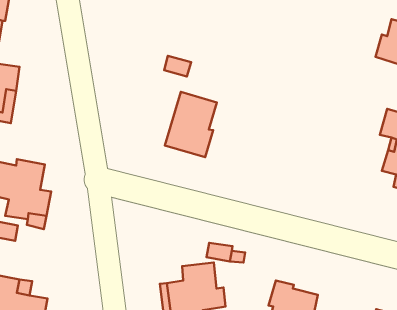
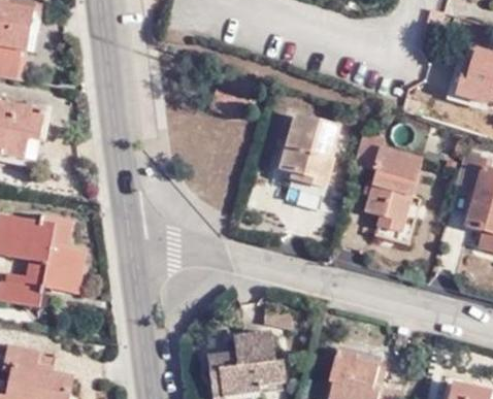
building: [165,92,217,157] -> [274,110,334,186]
building: none -> [357,135,423,232]

